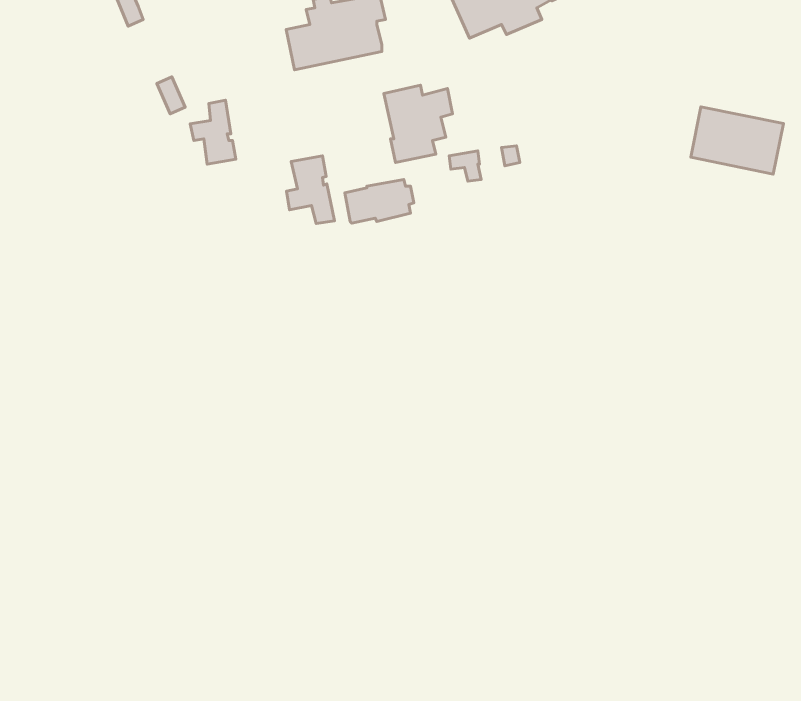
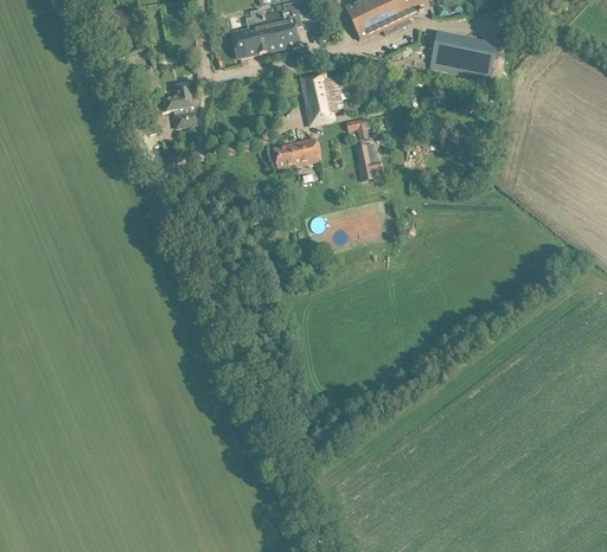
building: [691,107,783,174] -> [429,30,494,77]
building: [286,156,335,224] -> none
building: none -> [354,141,381,179]

